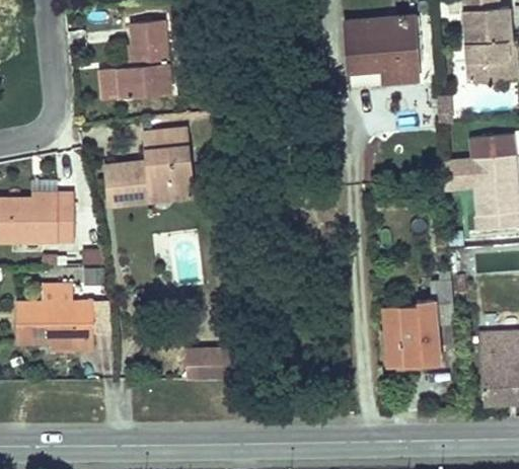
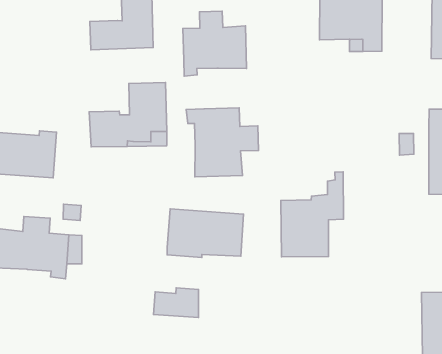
building: none -> [183,11,247,76]
building: none -> [186,108,259,177]
building: none -> [167,209,244,258]
building: [383,272,452,369] -> [281,172,344,257]

